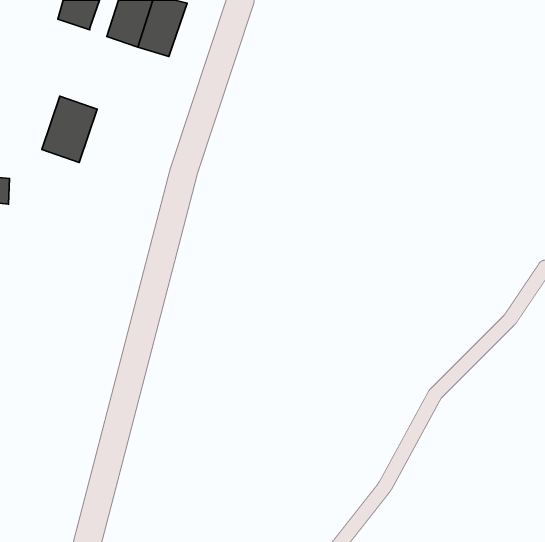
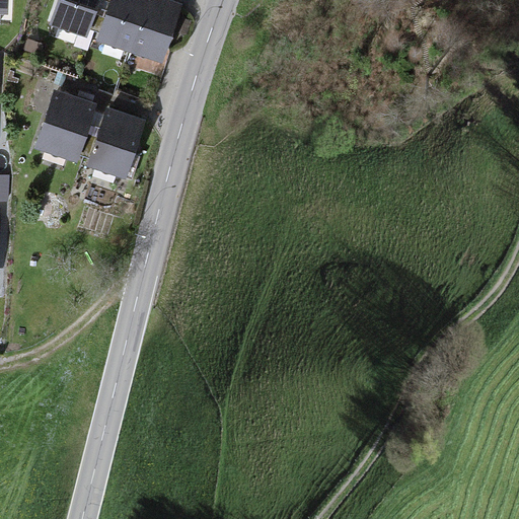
building: none -> [91,113,141,174]

